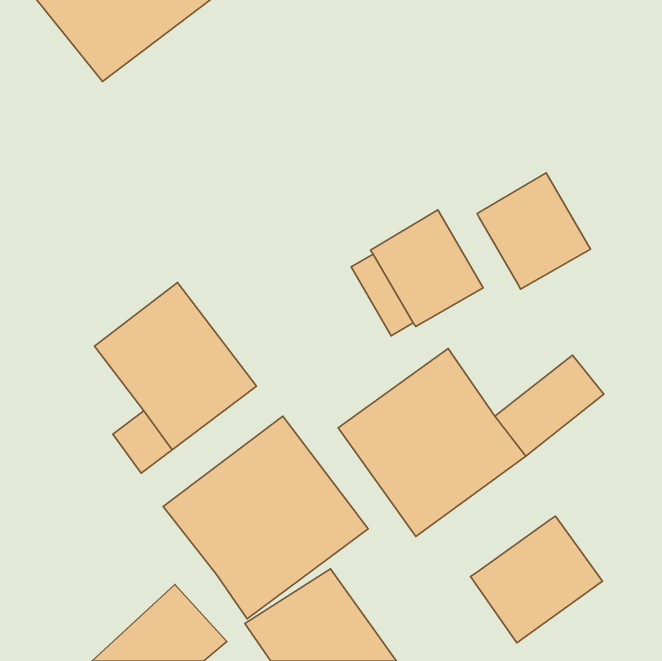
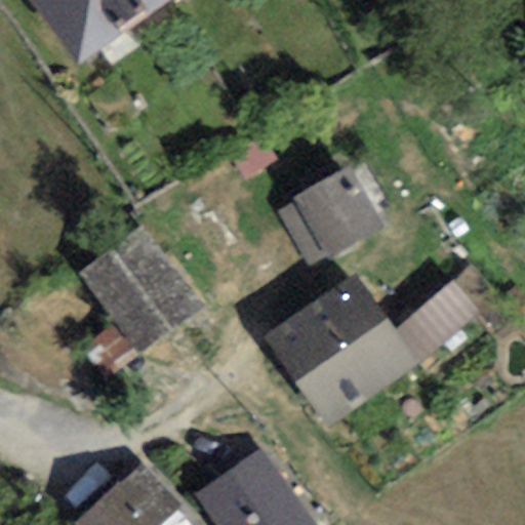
building: [477,173,591,289] -> none
building: [163,416,368,619] -> none
building: [470,516,603,643] -> none

